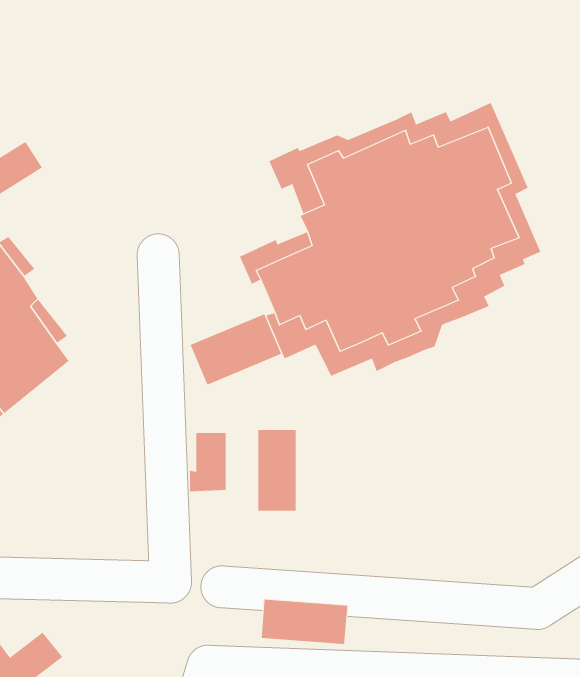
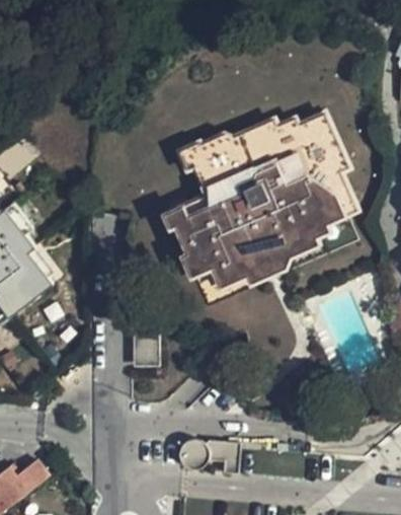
building: [190,313,282,385] -> none
building: [258,429,296,511] -> none

